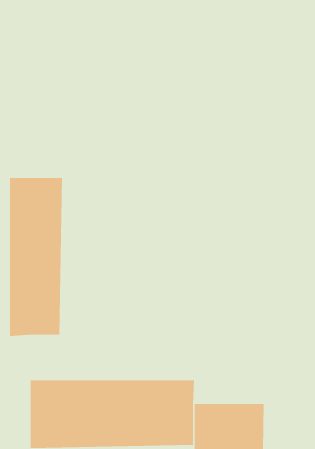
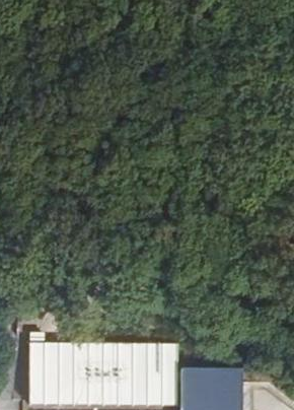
building: [10,177,62,337] -> none

